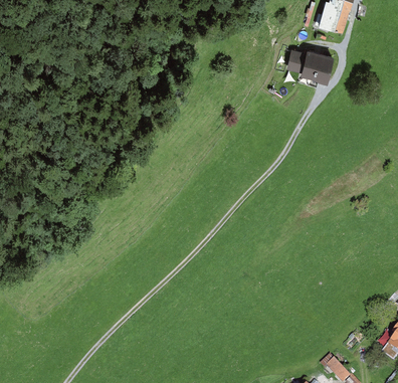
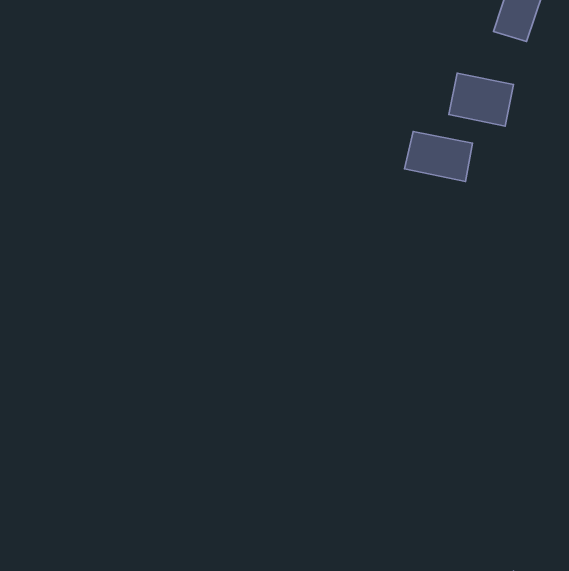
building: none -> [405,131,472,182]

